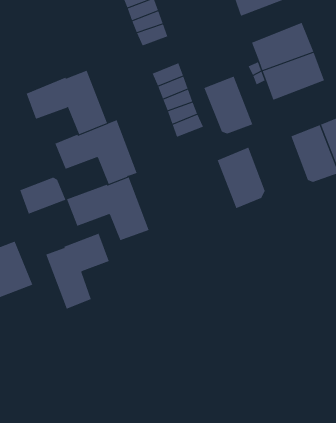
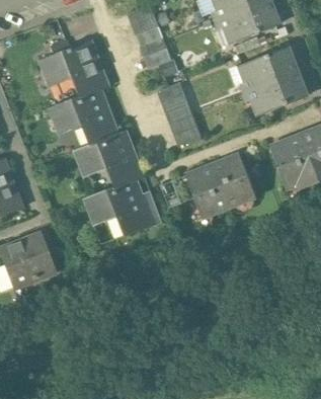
building: none -> [38,41,108,95]
building: [203,76,253,134] -> [185,165,228,215]
building: [20,177,66,214] -> none
building: [45,233,109,310] -> none

